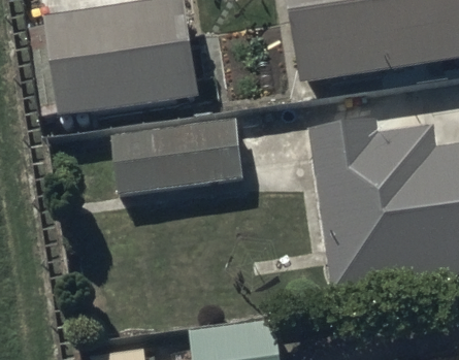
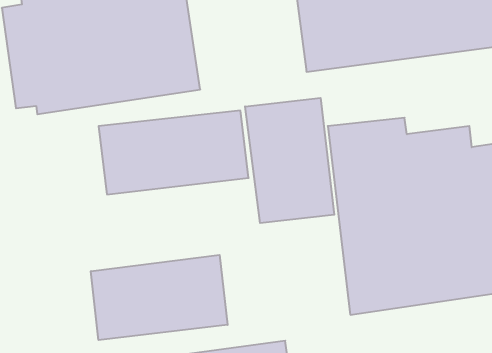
building: none -> [245,98,334,223]
building: none -> [91,255,228,340]

